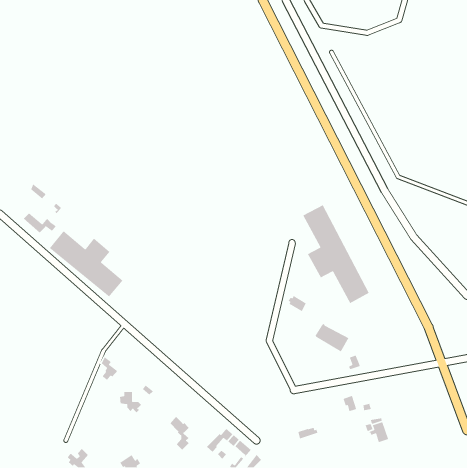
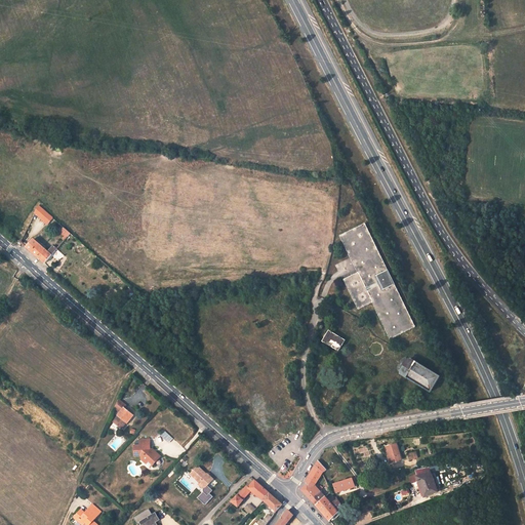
building: [49,230,124,298] -> none
building: [315,323,349,353] -> [400,358,439,391]
building: none -> [300,459,337,520]

